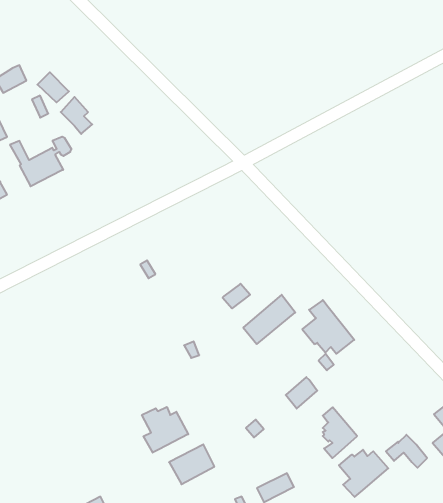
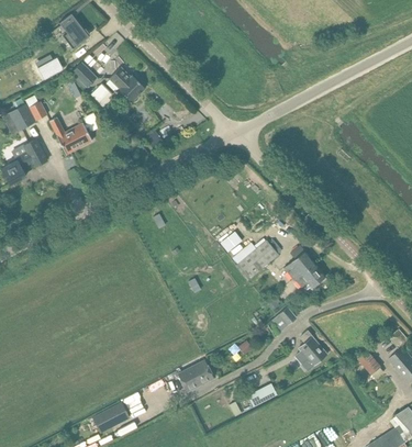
building: none -> [57,13,86,49]
building: none -> [108,67,144,102]
building: [142,407,188,453] -> none
building: [339,450,388,497] -> none

